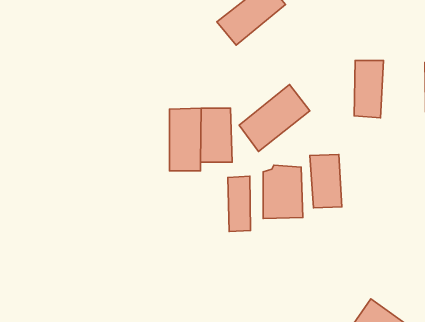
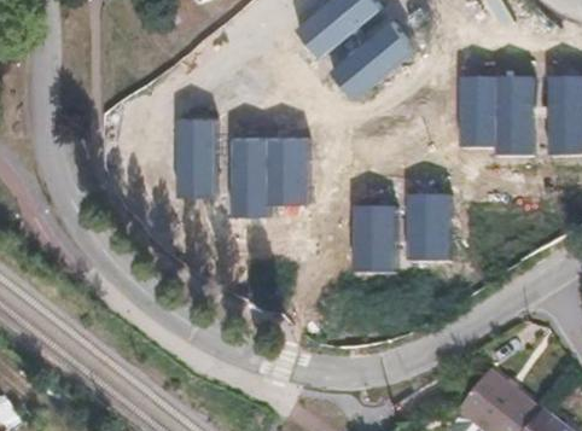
building: none -> [497,76,539,157]
building: [239,85,310,151] -> [327,21,415,104]
building: none -> [175,116,217,194]
building: [228,176,250,232] -> none

